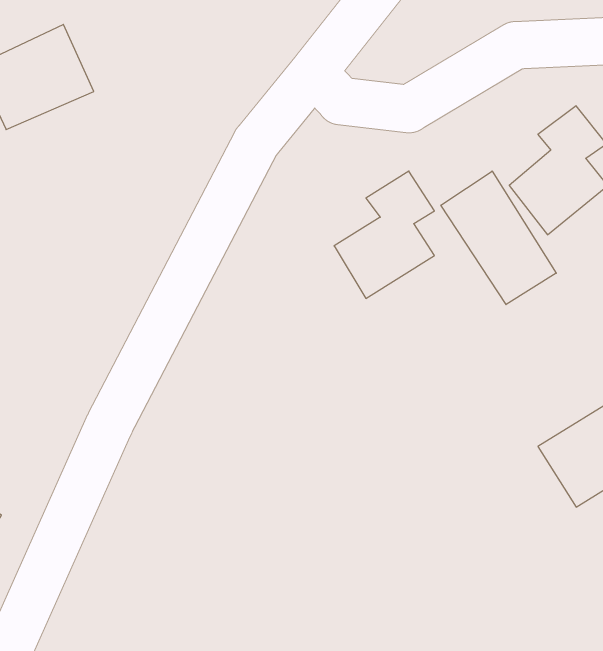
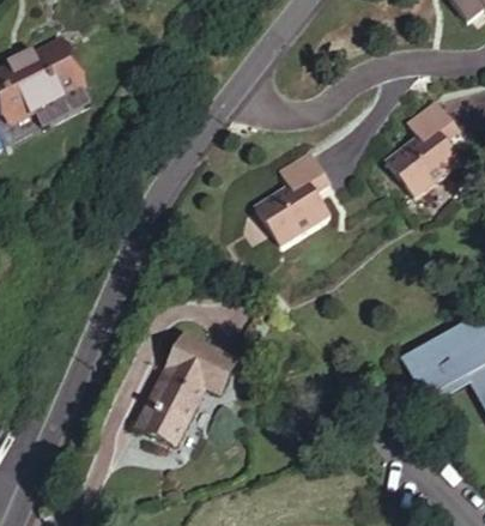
building: [441,171,556,305] -> none
building: none -> [144,335,231,446]

